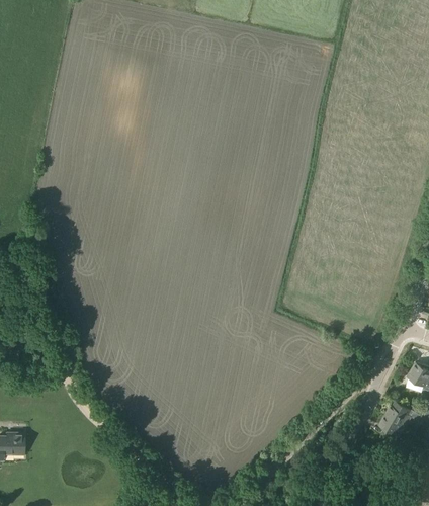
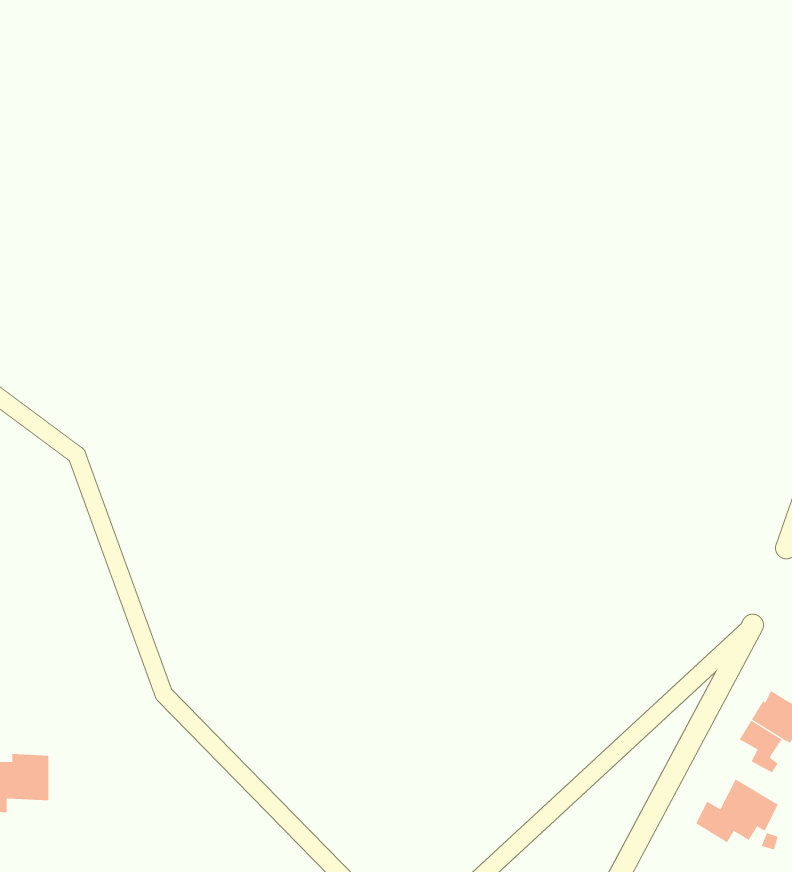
building: none -> [696,778,779,843]

